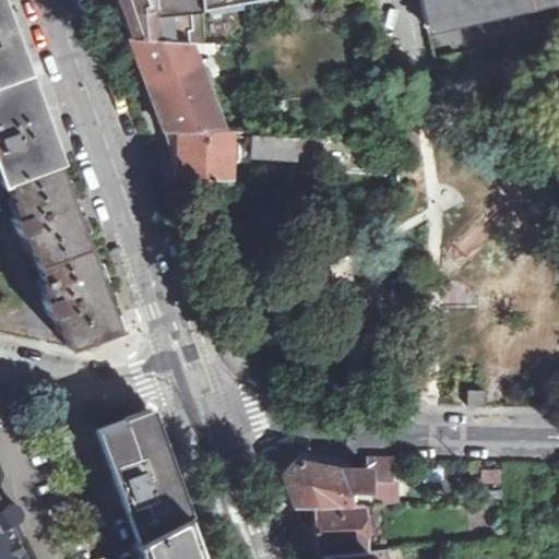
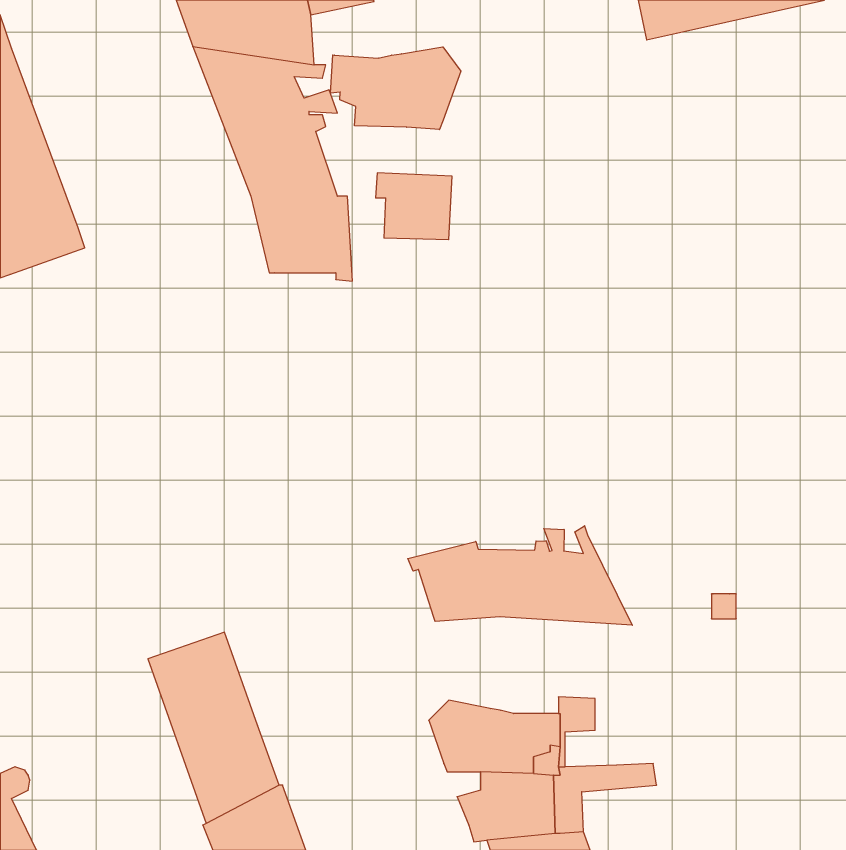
building: none -> [330,47,461,130]
building: [9,163,118,346] -> none
building: none -> [408,526,632,625]

